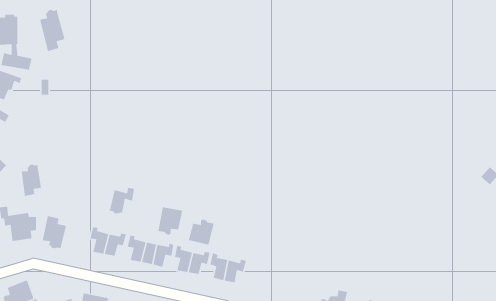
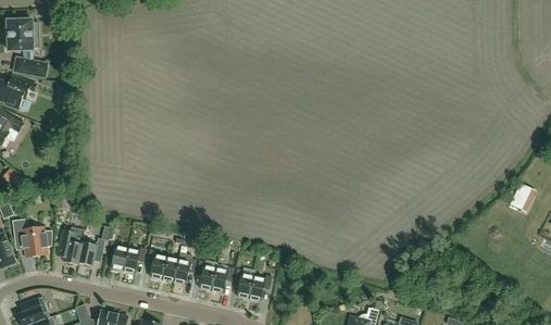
building: [39,9,66,52] -> none
building: [21,164,42,197] -> none
building: [109,187,135,214] -> [78,238,105,266]
building: [157,206,183,236] -> none
building: [188,219,215,245] -> none

